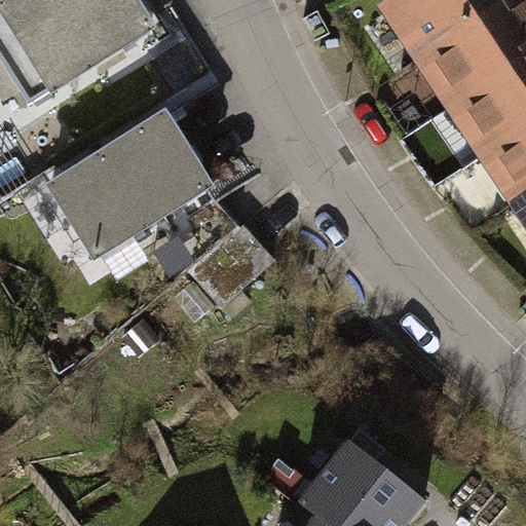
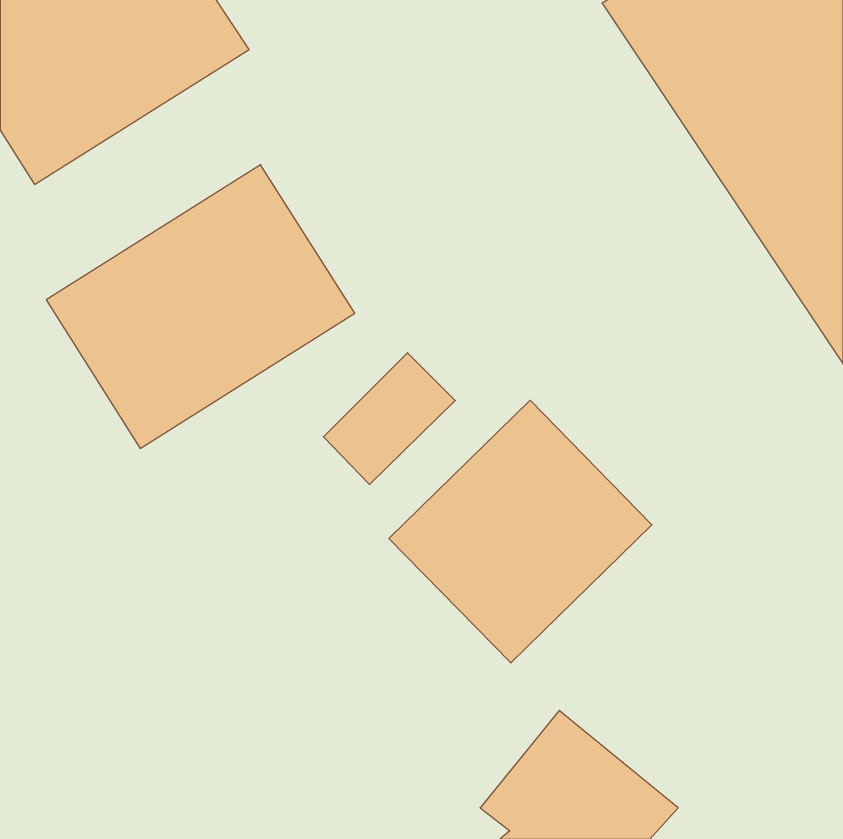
building: none -> [389,400,652,663]

